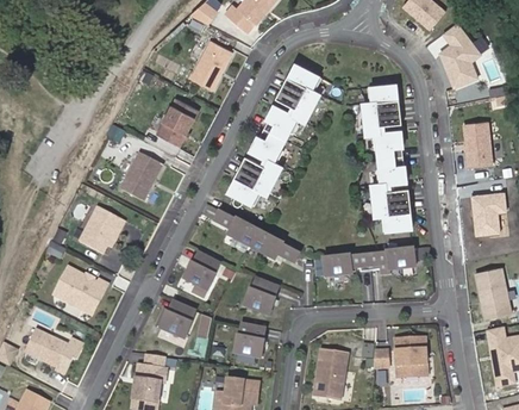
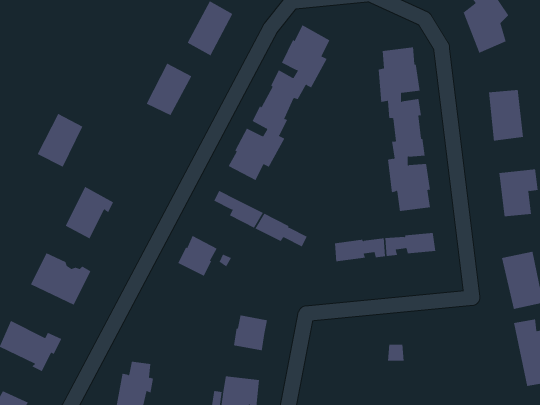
building: [118,153,160,201] -> [37,113,83,168]
building: [245,279,279,315] -> none
building: [161,303,195,338] -> none
building: [393,337,425,377] -> none
building: [312,349,346,399] -> none

